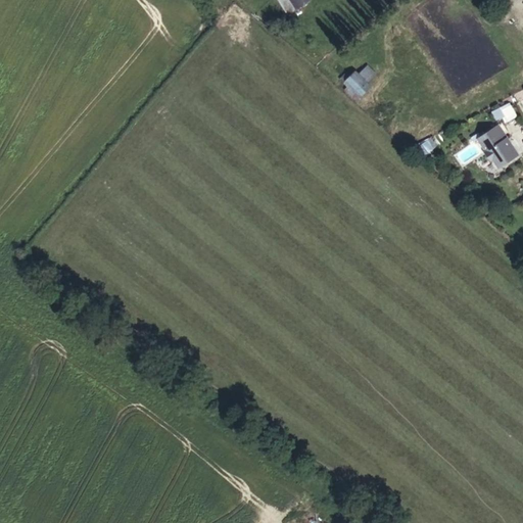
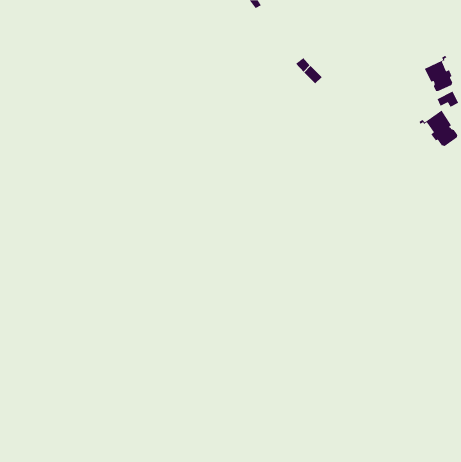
building: none -> [424,55,453,92]

